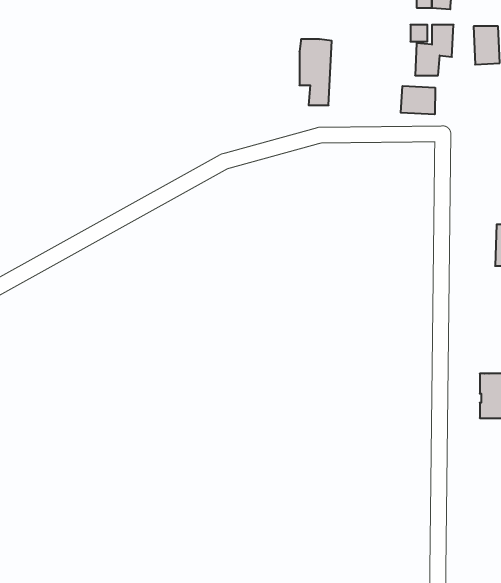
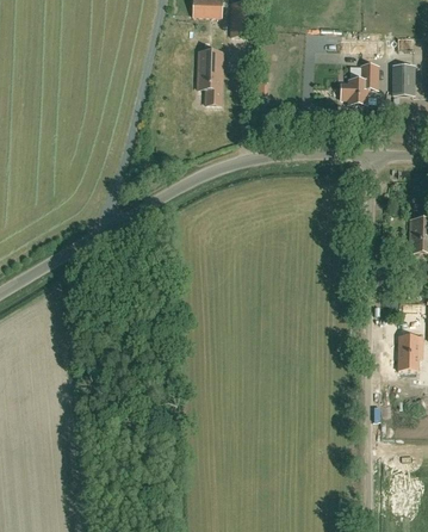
building: [299,39,332,105] -> [198,51,223,103]
building: [401,86,435,114] -> none

